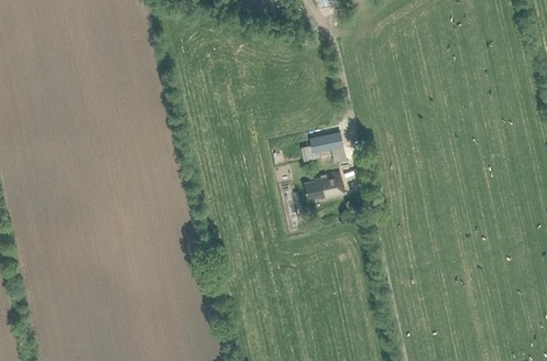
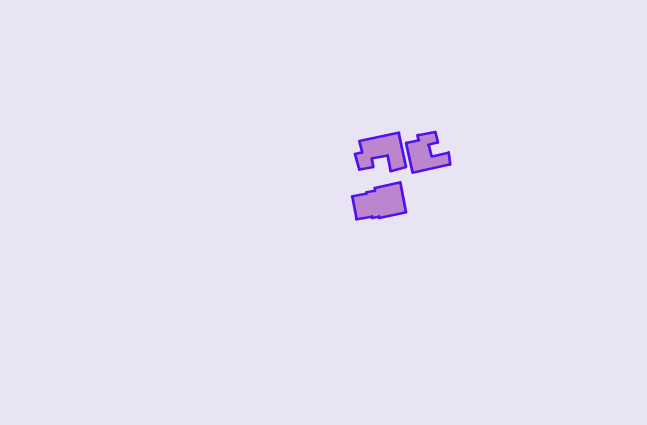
building: none -> [406,132,450,173]

